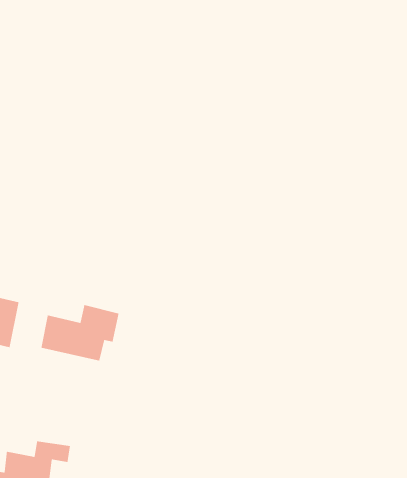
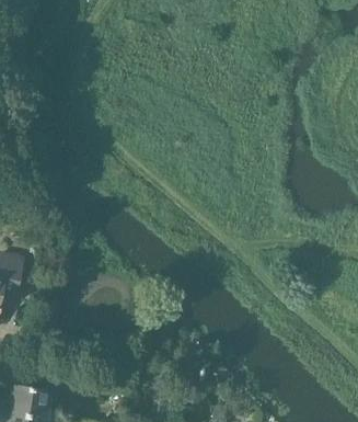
building: [40,304,119,362] -> none

